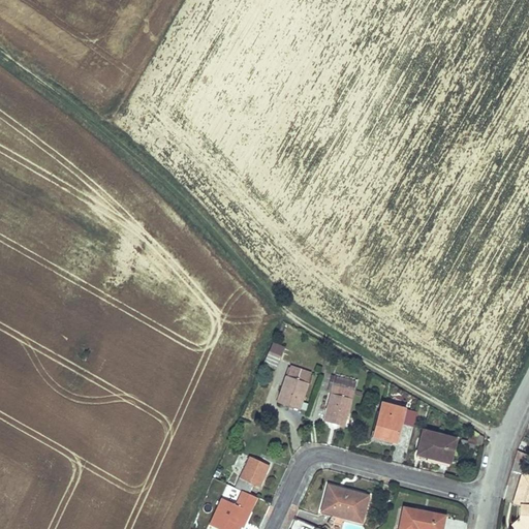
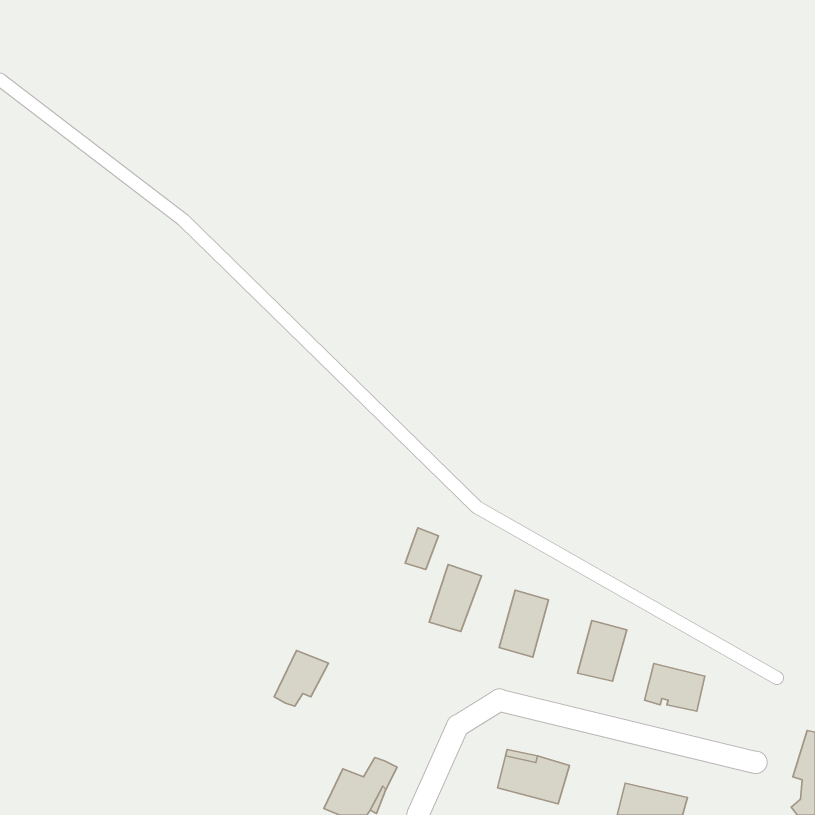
building: [236,457,271,493] -> [274,650,328,706]

